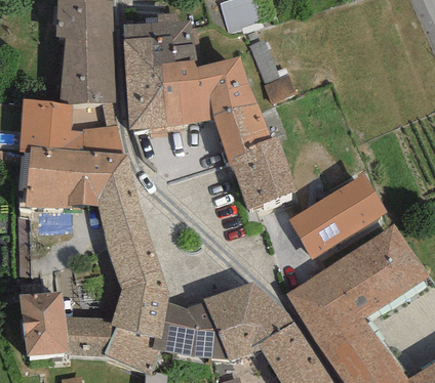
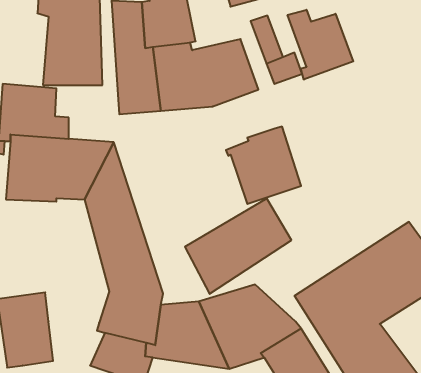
building: none -> [288,10,353,80]
building: [214,107,271,162] -> none
building: [83,125,124,155] -> none
building: [289,176,387,263] -> [185,199,291,294]
building: [65,318,116,358] -> none

